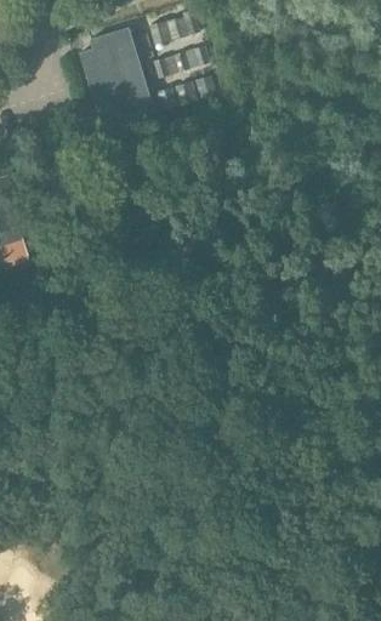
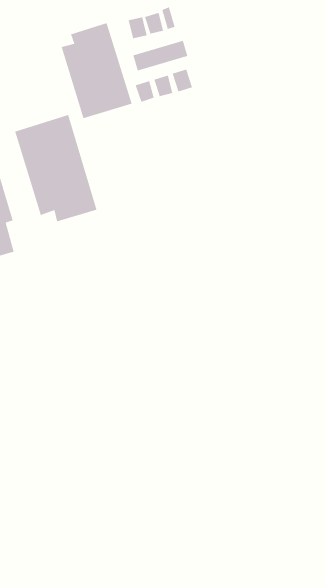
building: none -> [15,114,97,222]

